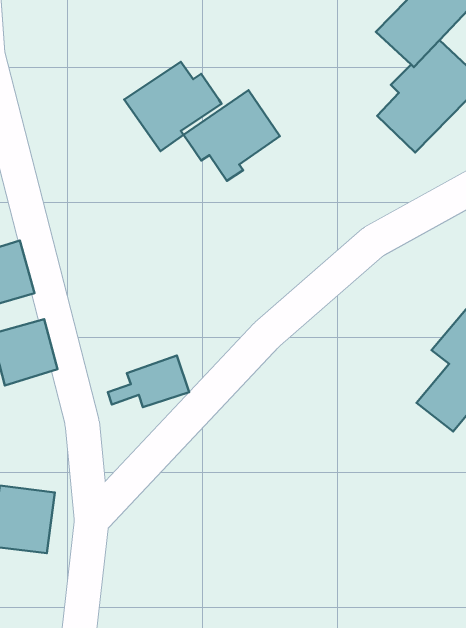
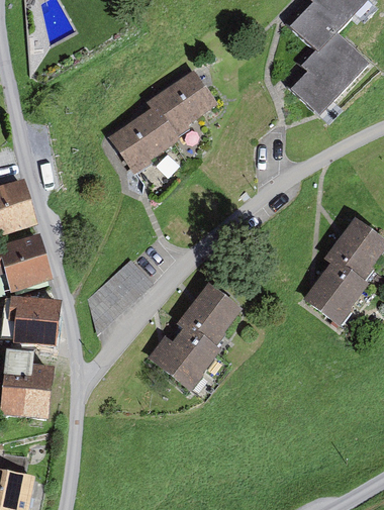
building: [124,62,222,151] -> [105,108,178,175]
building: none -> [167,290,247,395]
building: none -> [14,296,56,340]

